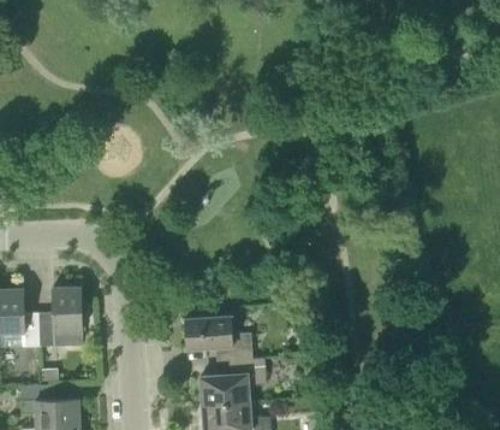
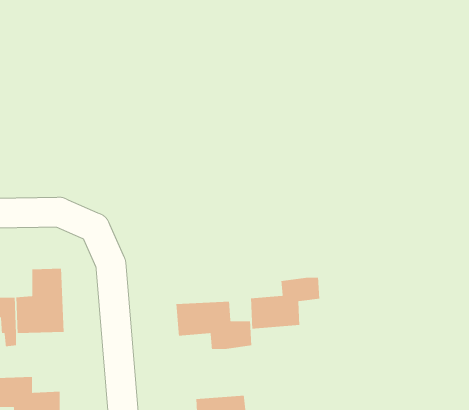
building: [201,357,264,405] -> [250,277,320,330]

